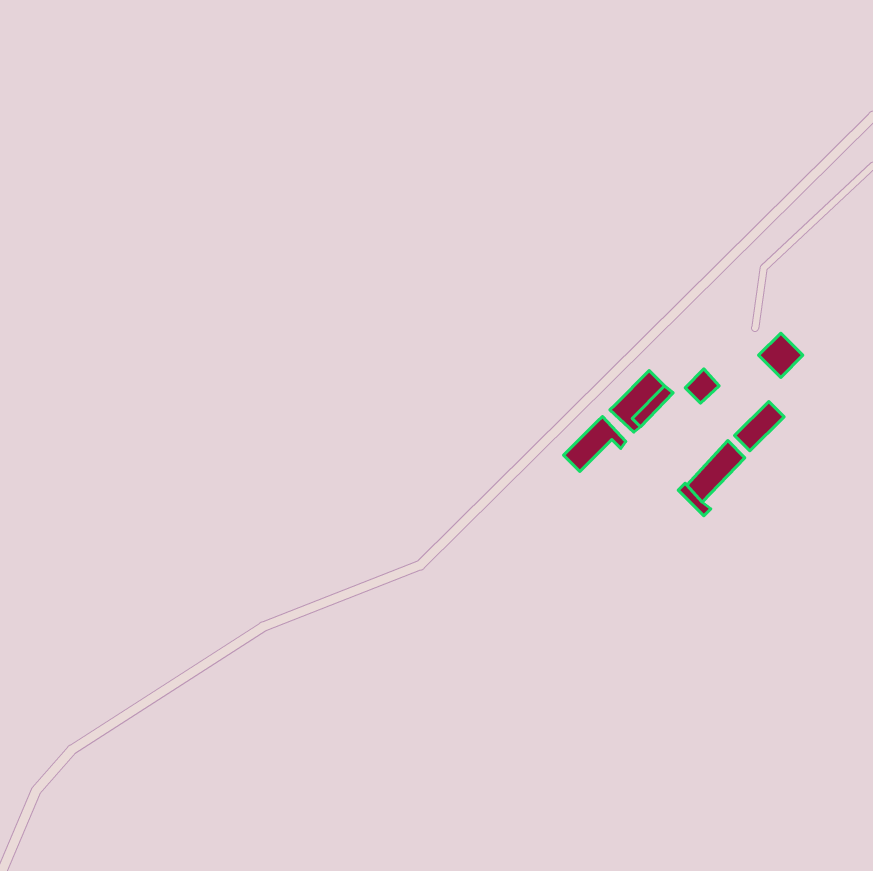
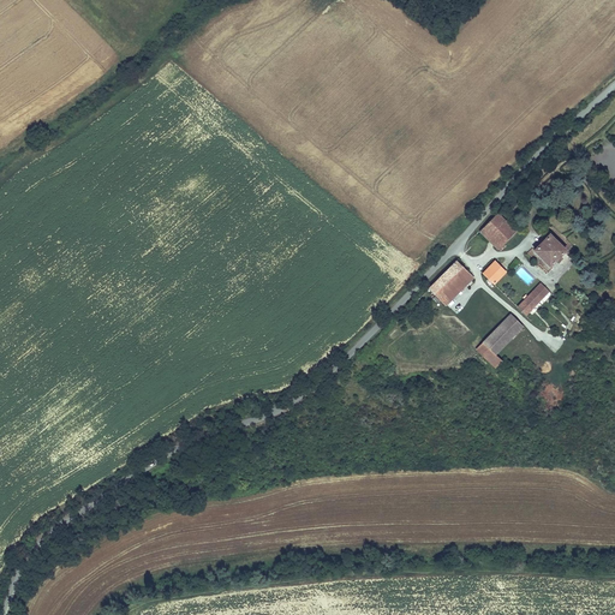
building: none -> [480,213,517,250]
building: [564,416,626,471] -> none

